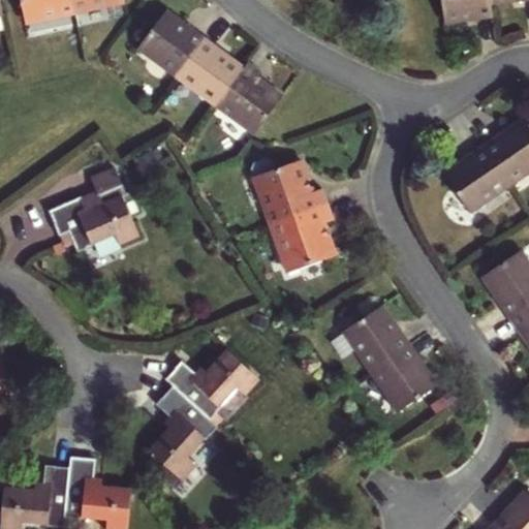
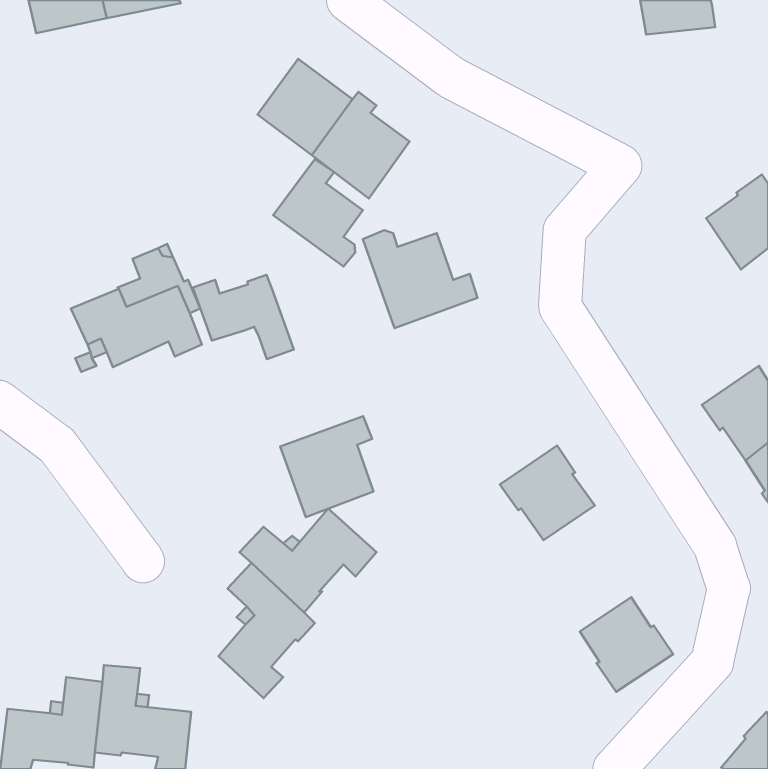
building: [136,11,205,79] -> none
building: none -> [273,159,363,266]
building: [443,150,508,214] -> none
building: none -> [193,275,294,359]
building: [271,205,335,274] -> [280,416,374,517]
building: [373,347,437,412] -> [580,597,673,692]

